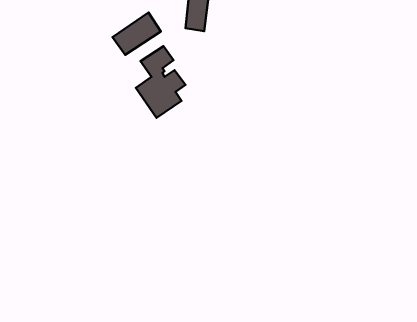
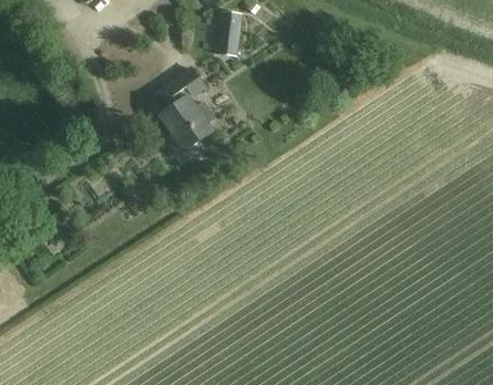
building: [112,12,161,55] -> none

